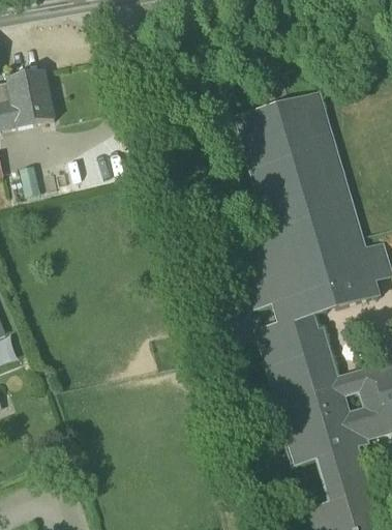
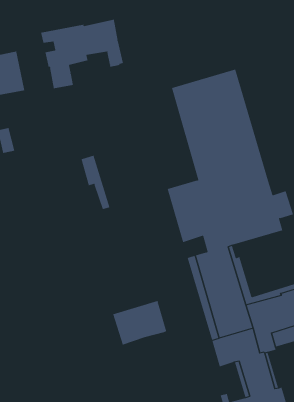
building: none -> [40,19,123,89]
building: none -> [81,155,110,210]
building: none -> [112,300,167,346]

